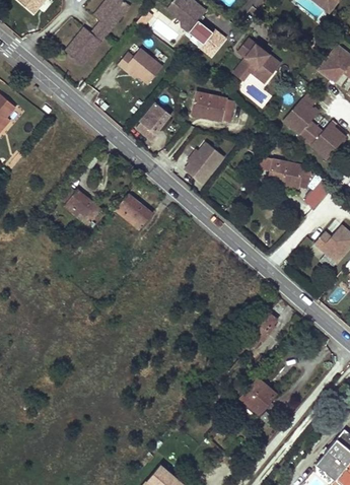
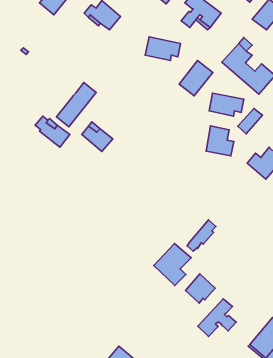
building: [138,105,171,142] -> none
building: [186,142,226,185] -> [179,61,213,96]
building: none -> [57,83,96,127]
building: none -> [206,126,234,156]
building: none -> [154,243,191,285]
building: none -> [198,299,236,337]

